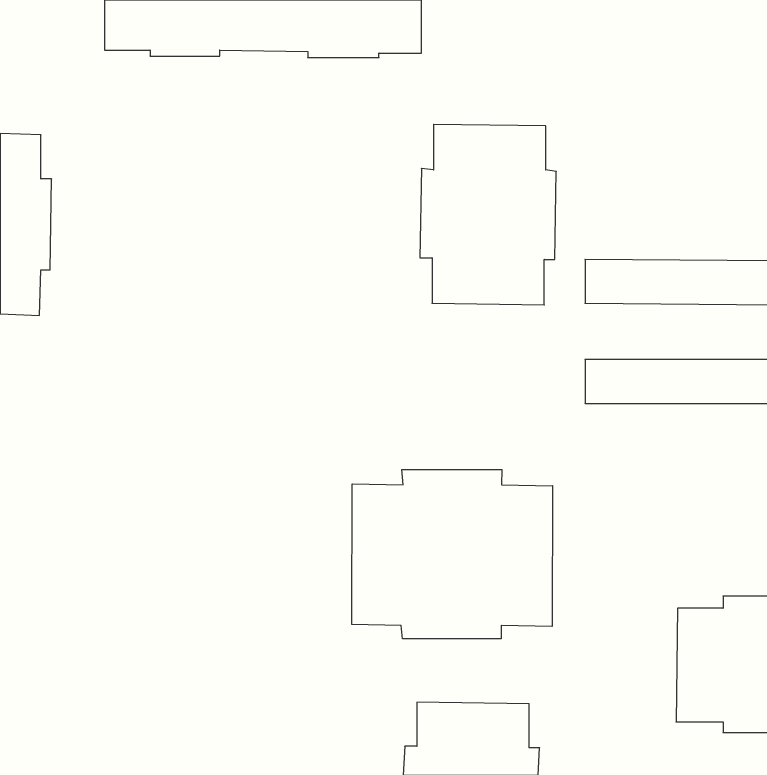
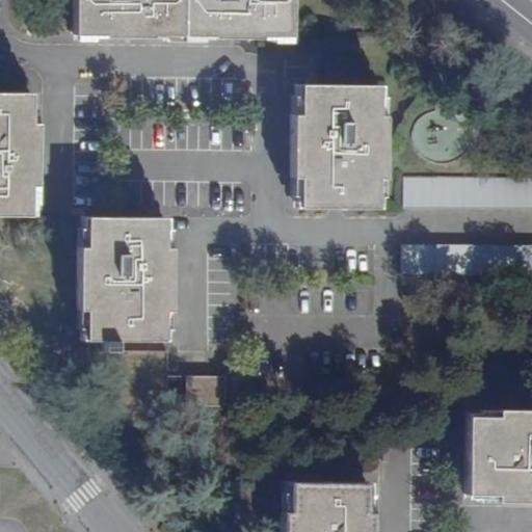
building: none -> [79,218,172,341]
building: [352,470,553,639] -> none
building: none -> [190,378,228,407]

